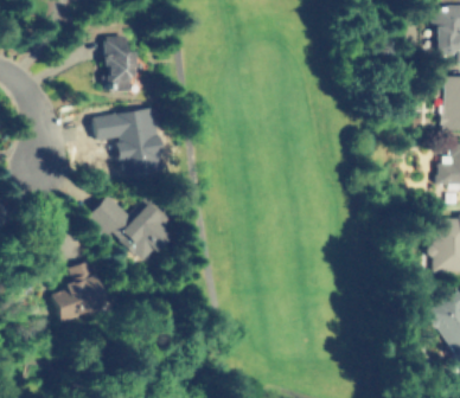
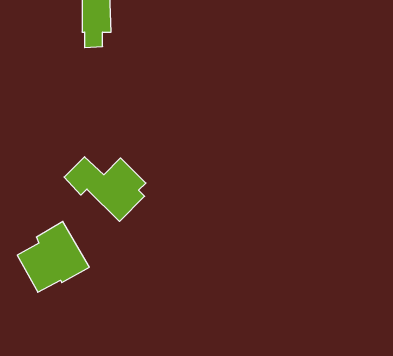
building: [90,111,161,176] -> none

